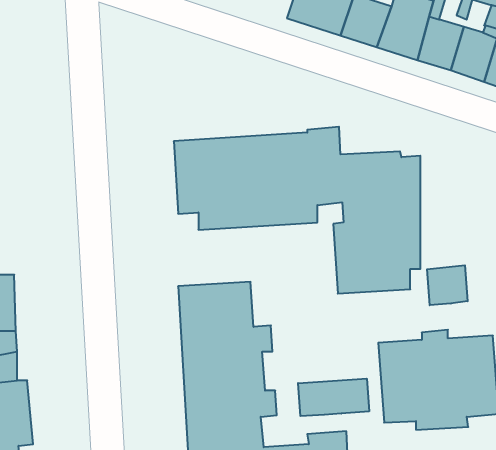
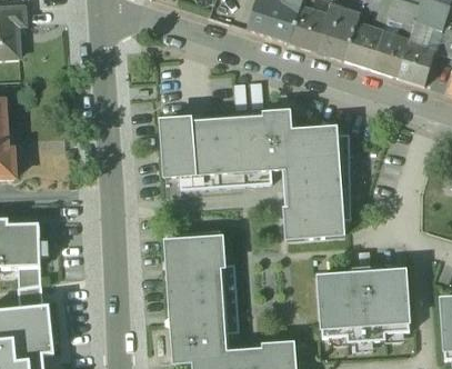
building: [427,265,468,305] -> none
building: [298,379,369,416] -> none

